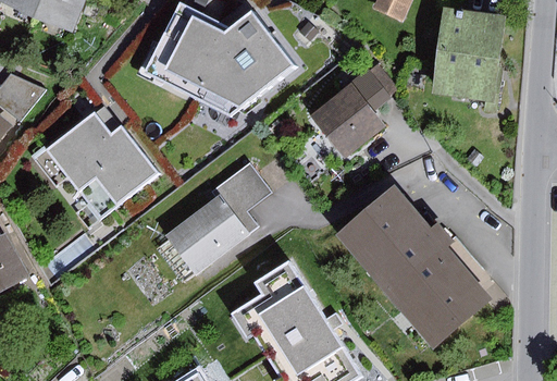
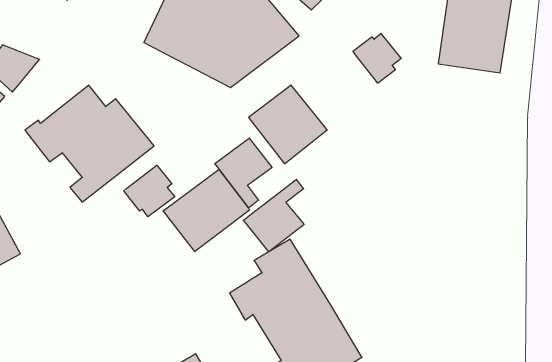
building: [310,83,386,159] -> [249,85,327,164]
building: [338,187,491,347] -> none
building: none -> [124,165,175,217]
building: none -> [243,179,304,252]

